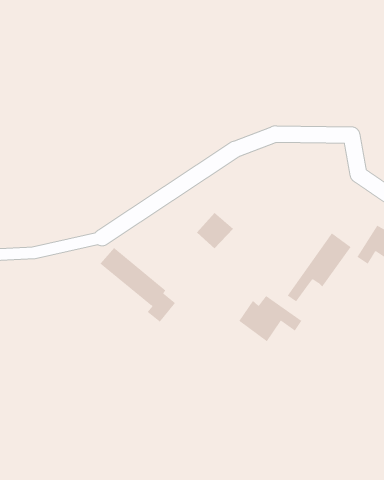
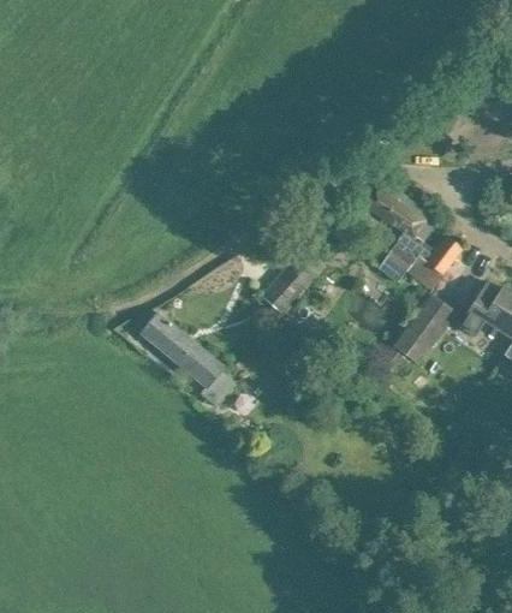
building: none -> [368,181,463,288]
building: [238,295,302,342] -> none

